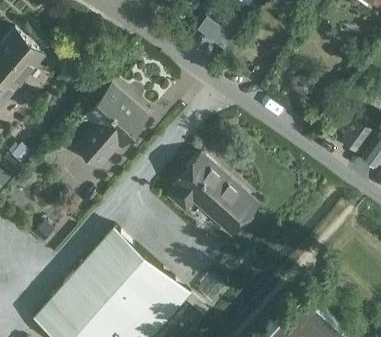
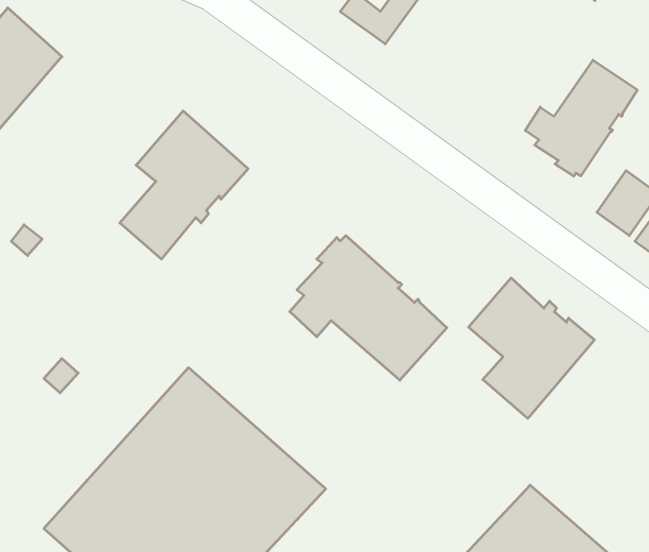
building: none -> [525,60,637,176]
building: none -> [469,278,594,418]

